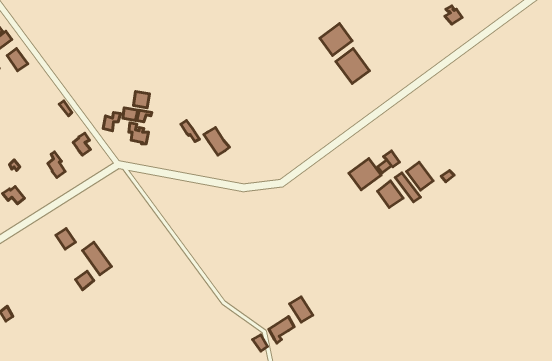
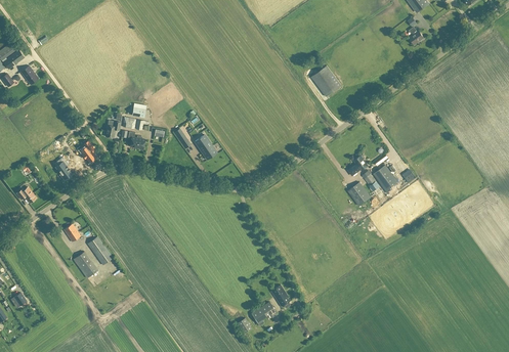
building: [320,24,352,55] -> none
building: [349,158,381,190] -> none

